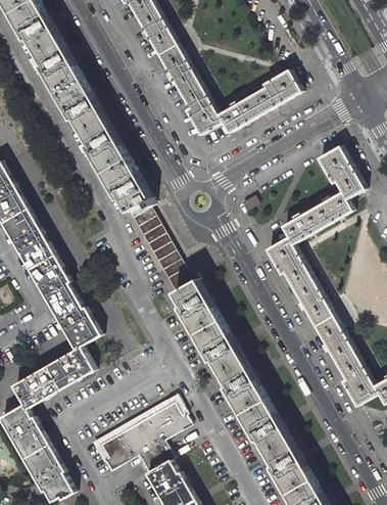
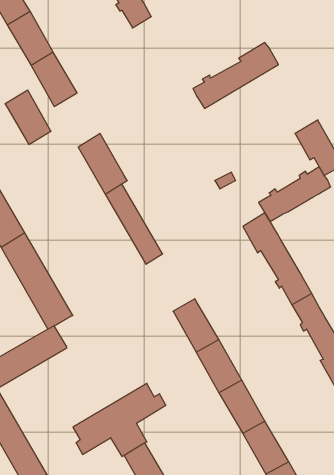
building: [157,44,221,135] -> none
building: [81,119,126,172] -> [5,90,51,145]
building: [171,273,219,332] -> none

